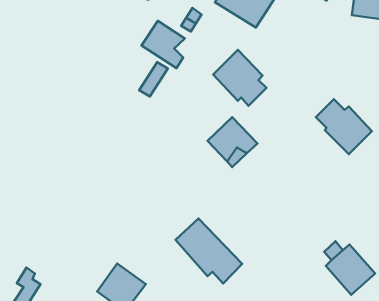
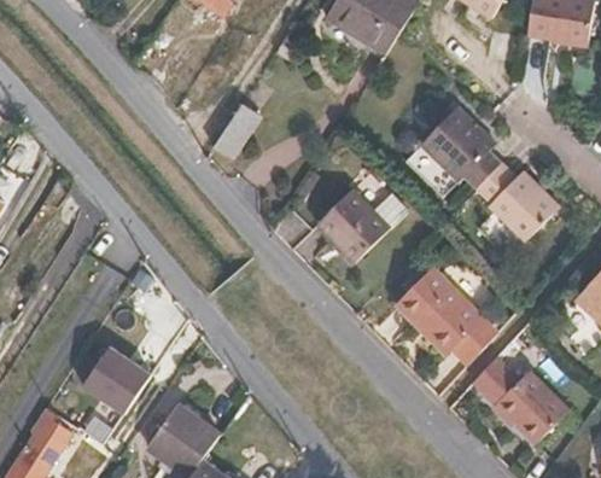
building: [142,21,185,68] -> none
building: [213,50,267,106] -> [422,105,501,187]
building: [176,219,242,283] -> [393,270,491,366]
building: none -> [84,346,153,415]

